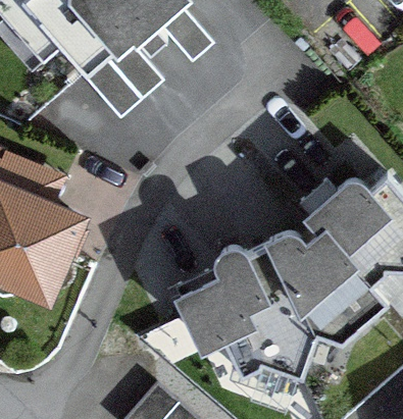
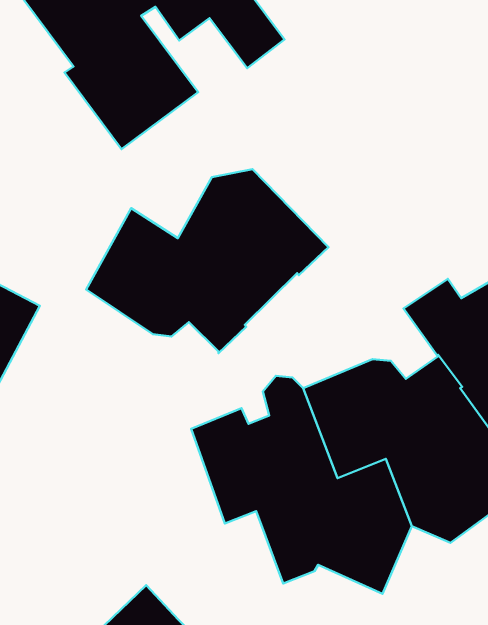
building: none -> [86,169,328,353]

